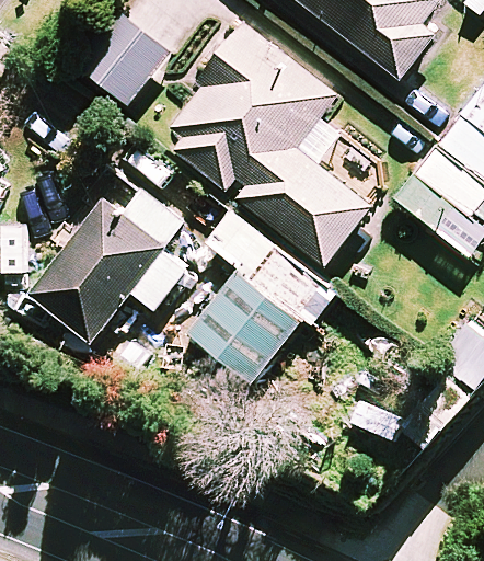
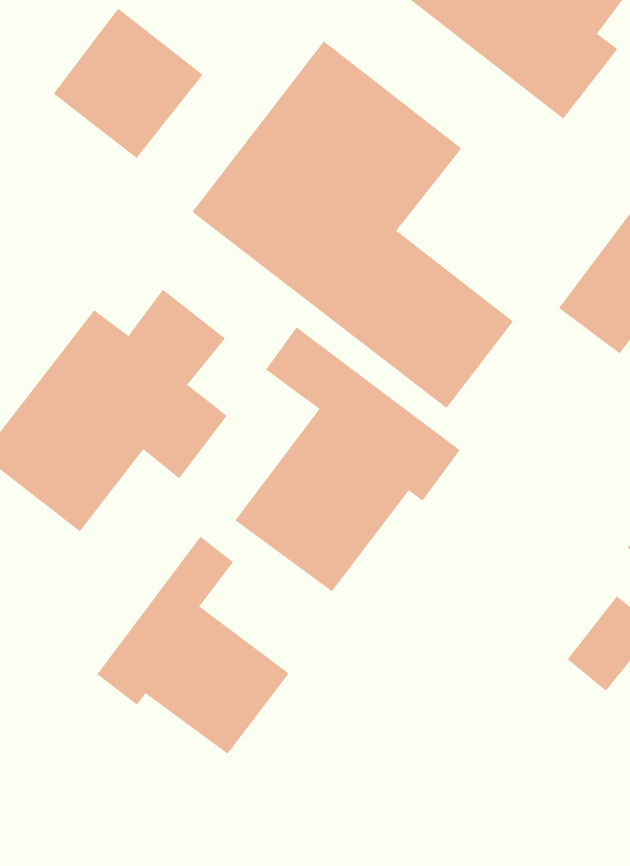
building: none -> [96,536,290,754]

